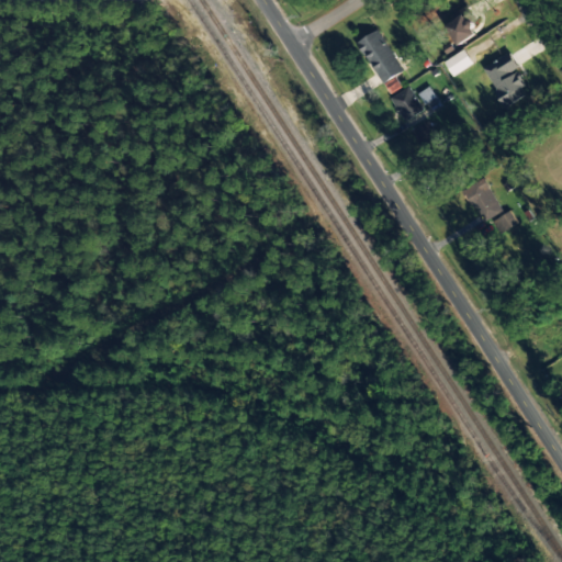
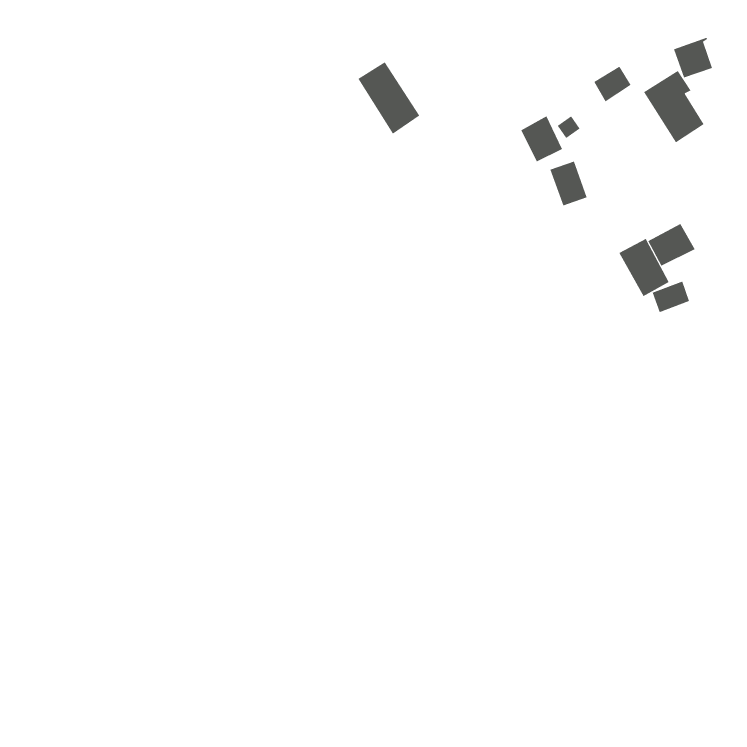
building: [447,14,476,45] -> [673,37,713,78]
building: [357,30,404,85] -> [357,61,420,134]
building: none -> [647,223,696,267]

